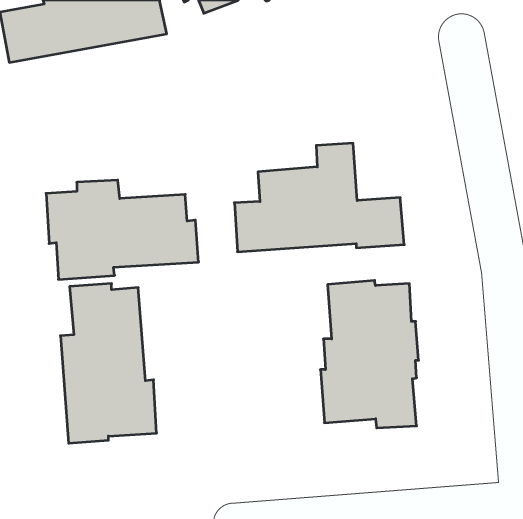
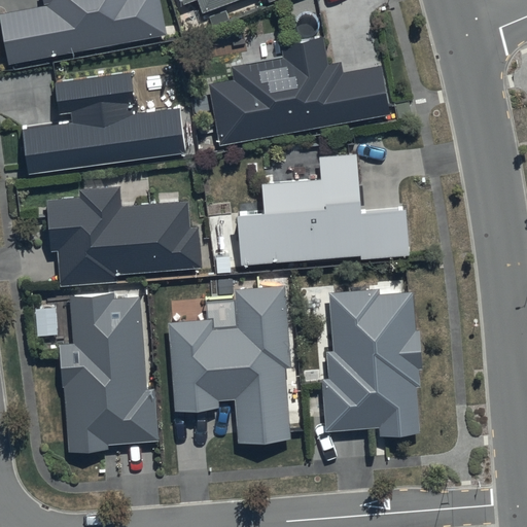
building: none -> [210,39,389,149]
building: none -> [24,78,186,178]
building: none -> [166,282,289,440]

